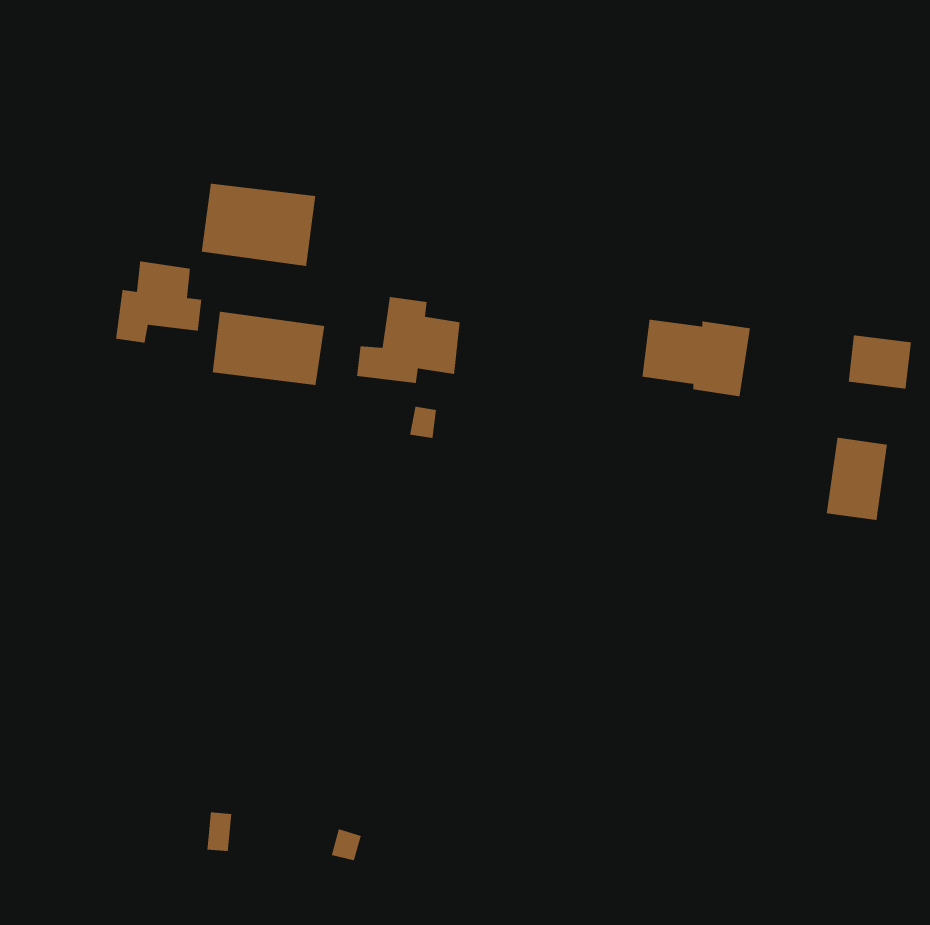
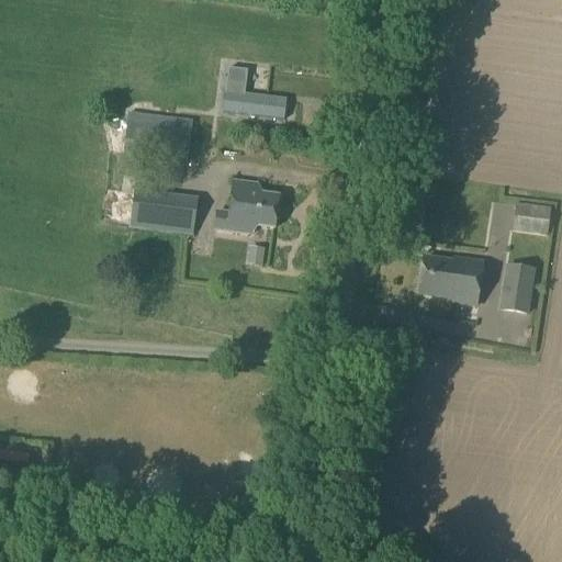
building: none -> [223,68,285,120]
building: [115,260,202,344] -> none
building: [641,319,751,397] -> [418,255,484,302]

